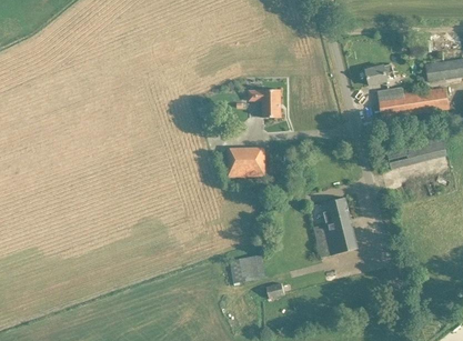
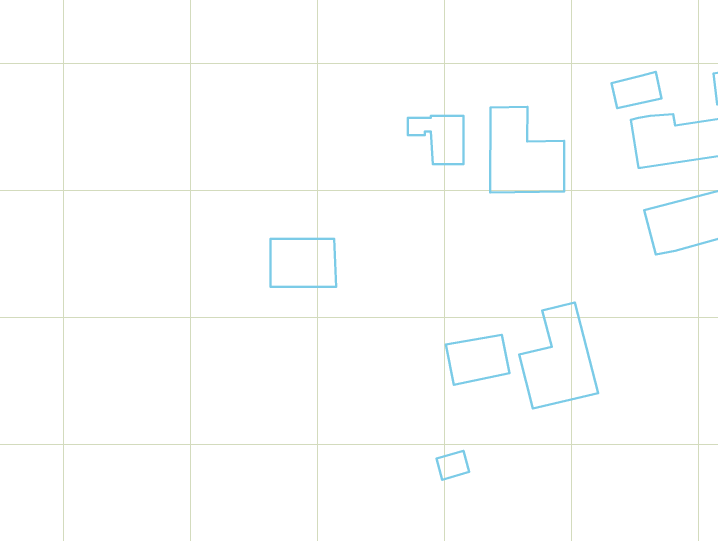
building: none -> [490,107,564,192]
building: [228,148,265,175] -> [271,239,336,287]
building: [229,254,265,283] -> [446,335,509,385]

